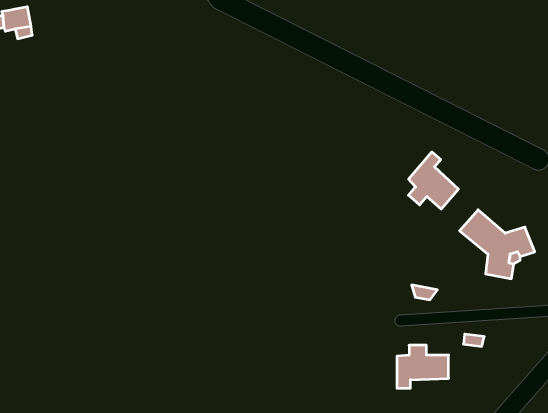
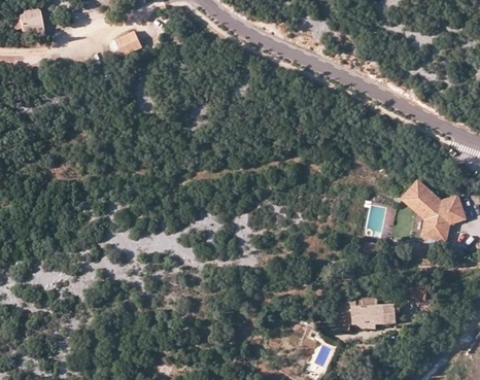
building: none -> [117,34,144,59]
building: [408,152,458,209] -> none

